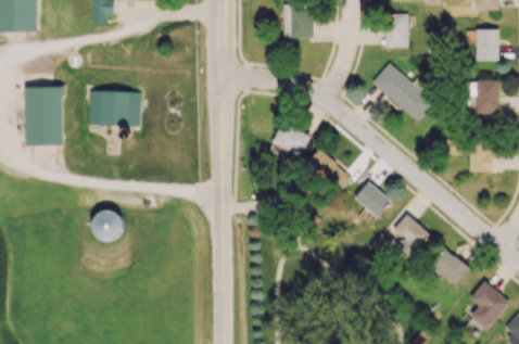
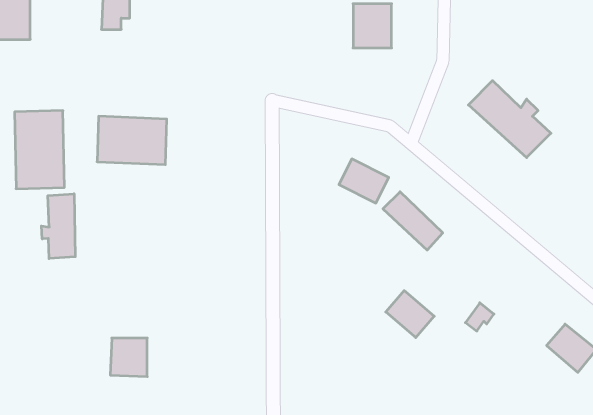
building: [385,13,408,48] -> none
building: none -> [41,194,75,259]
building: [354,181,391,217] -> [386,291,434,338]
building: [92,211,121,240] -> [110,338,147,377]
building: [392,214,431,257] -> none

